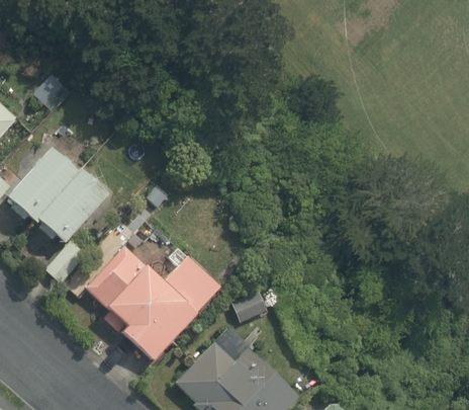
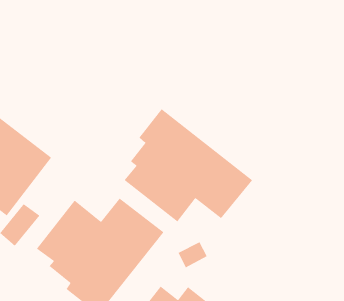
building: none -> [123,108,253,223]

